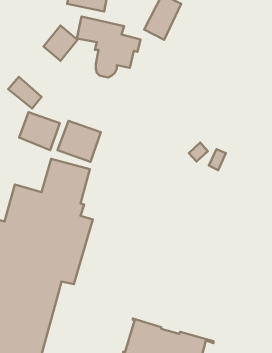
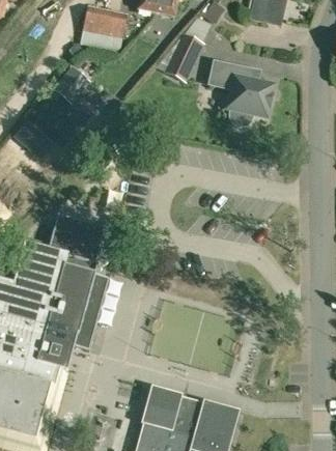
building: [77,17,140,77] -> [209,59,279,125]
building: [19,112,60,150] -> none
building: [57,121,101,162] -> none

